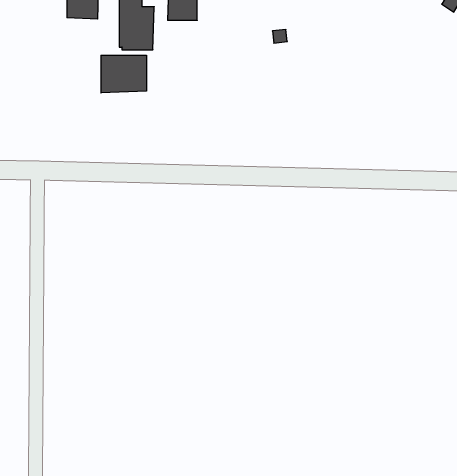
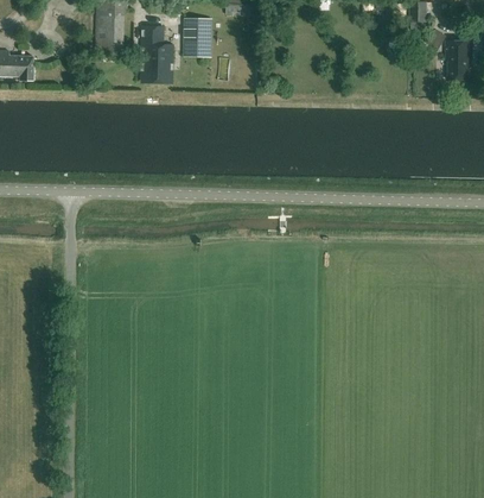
building: [101,55,146,93] -> none

